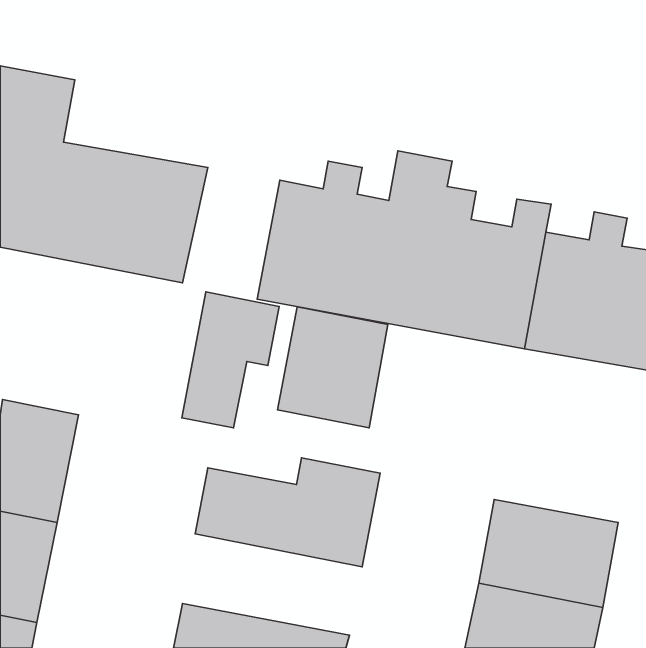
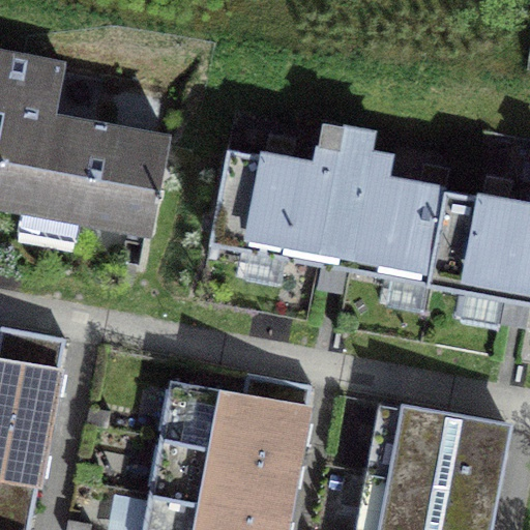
building: [182,292,279,428] -> none
building: [277,307,388,428] -> none
building: none -> [150,436,297,519]

